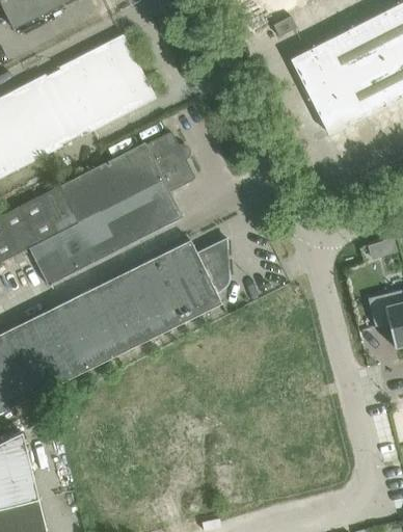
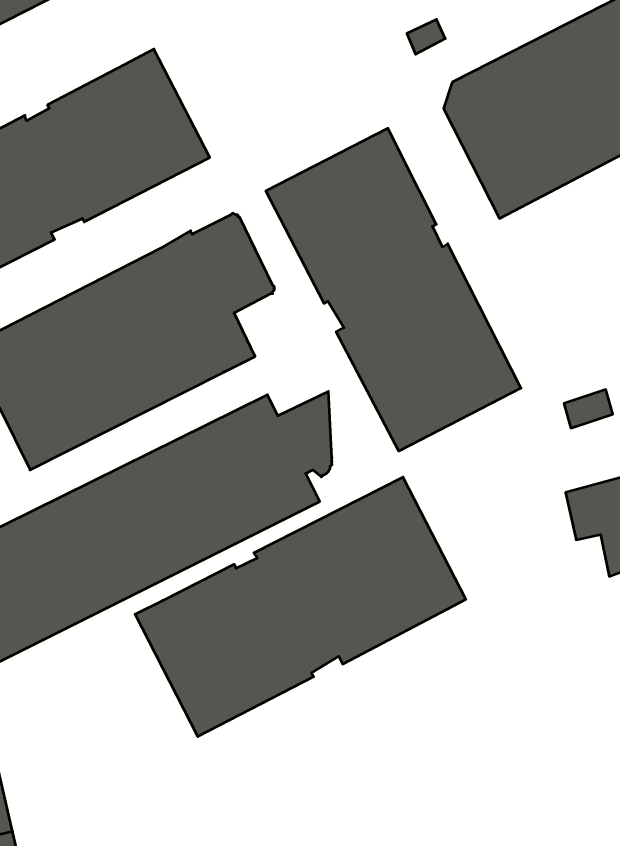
building: none -> [266,128,521,451]
building: none -> [135,477,466,737]

